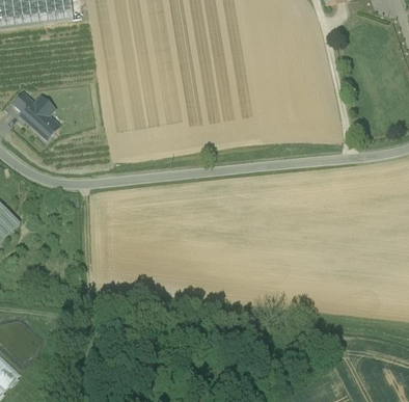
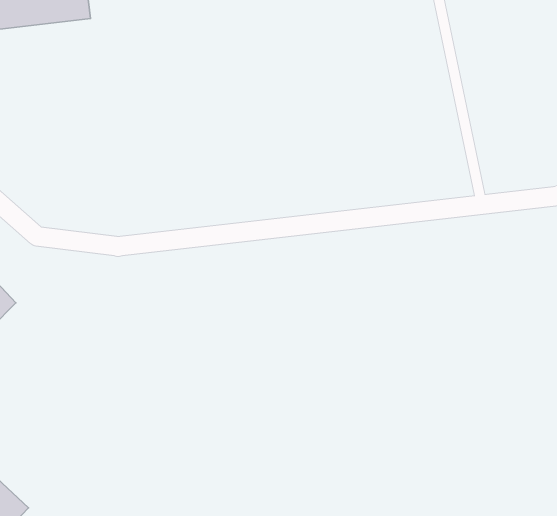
building: [18,95,54,137] -> none

